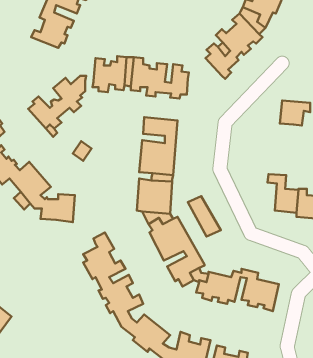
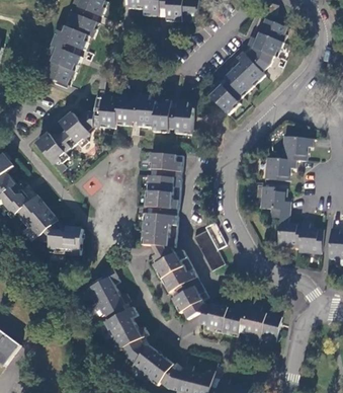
building: none -> [266,158,295,180]
building: none -> [262,186,290,210]

